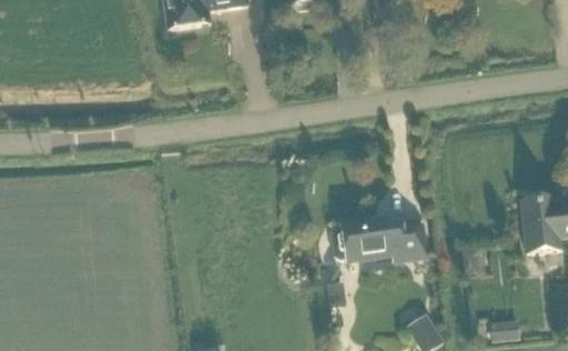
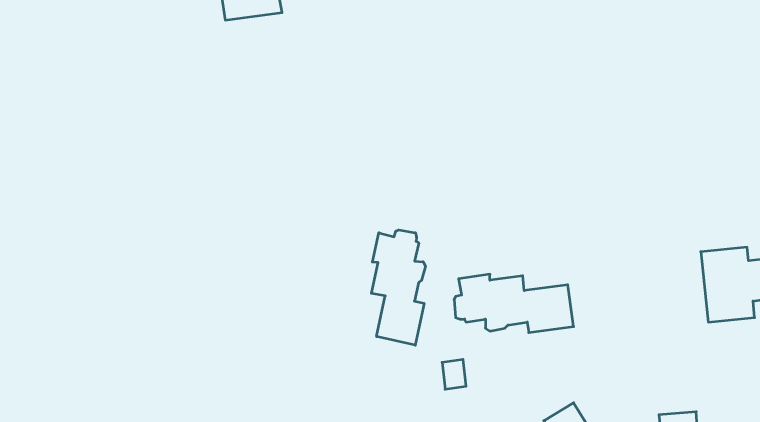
building: none -> [371,230,425,345]

